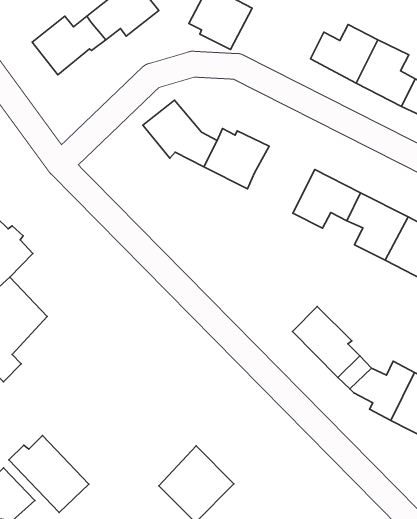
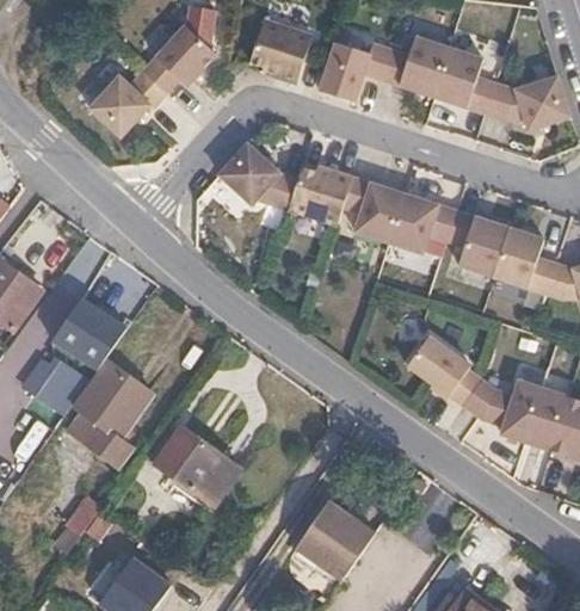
building: none -> [320,42,391,103]
building: none -> [343,177,405,242]
building: [9,435,89,513] -> [149,425,236,502]

